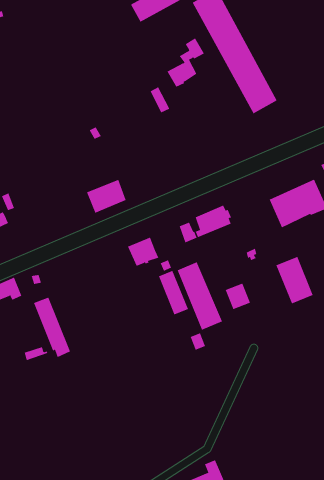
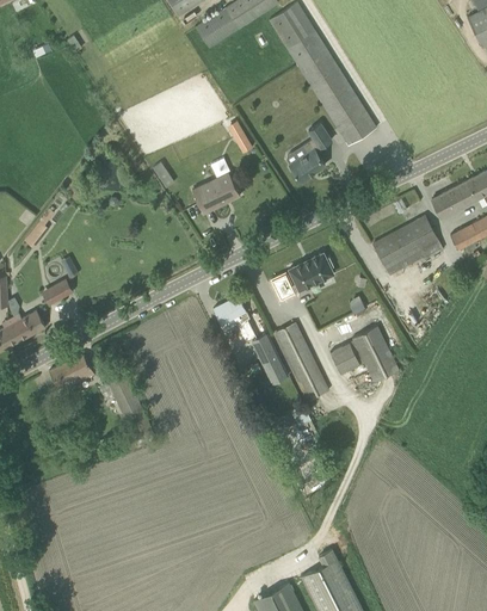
building: [167,38,205,88] -> [289,123,332,183]
building: [86,179,127,213] -> [192,172,240,214]
building: [276,256,314,304] -> [352,326,399,382]

